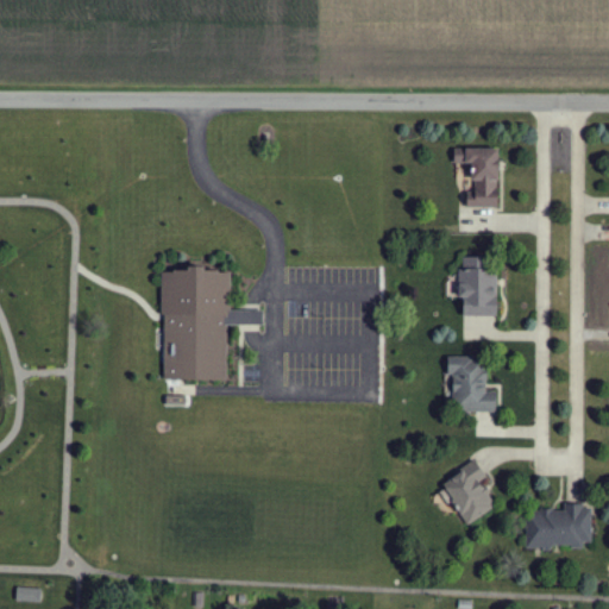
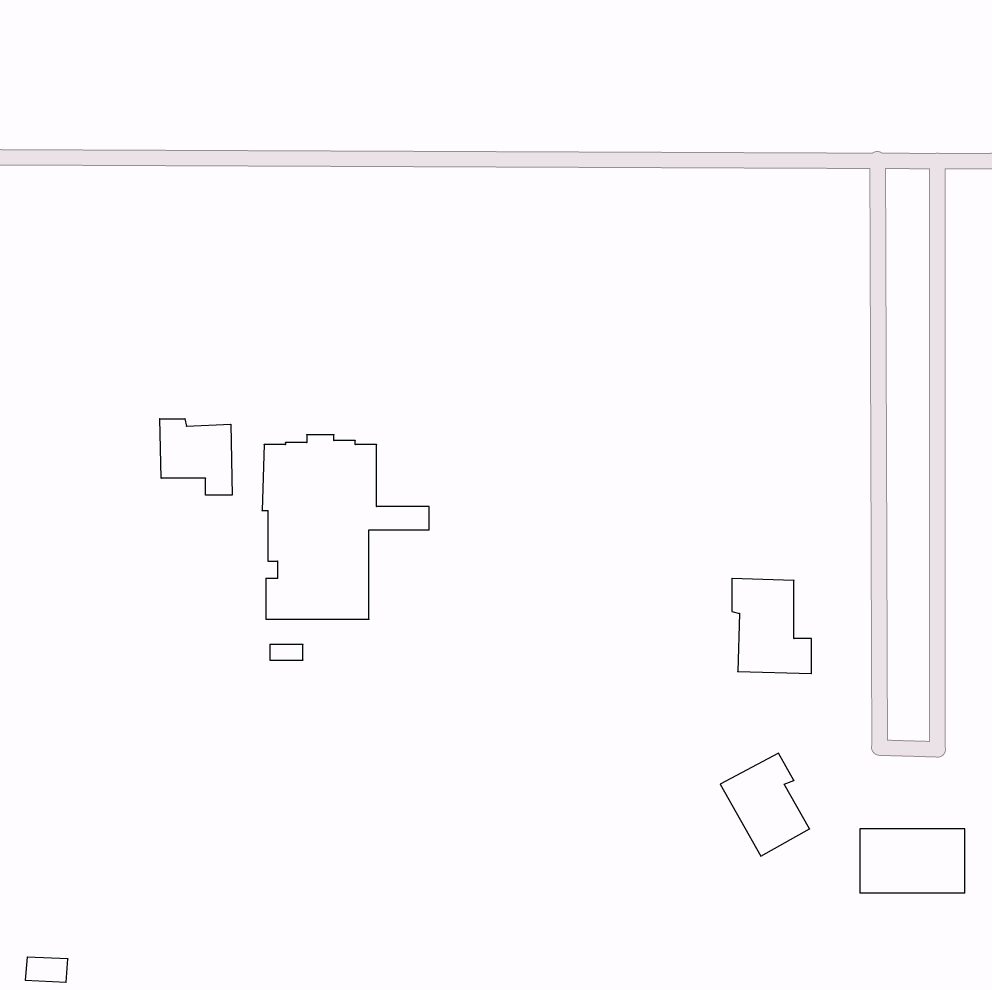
building: [454,147,500,207] -> none
building: none -> [160,419,232,495]
building: [460,257,497,315] -> none

